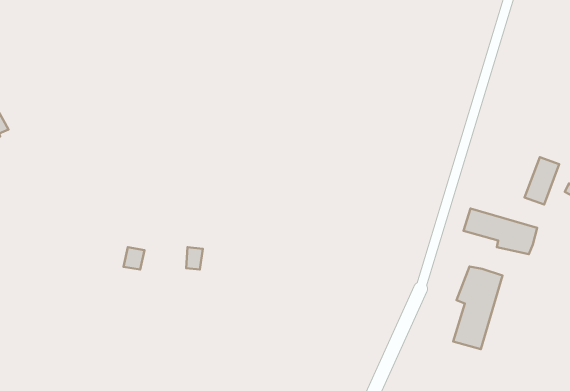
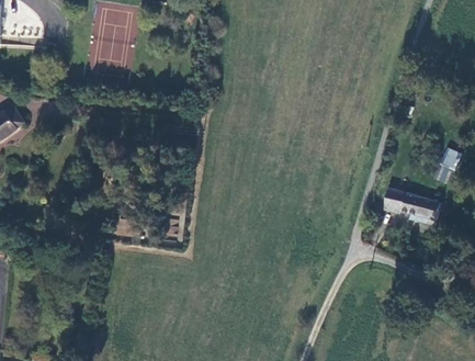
building: [453,266,503,349] -> none

